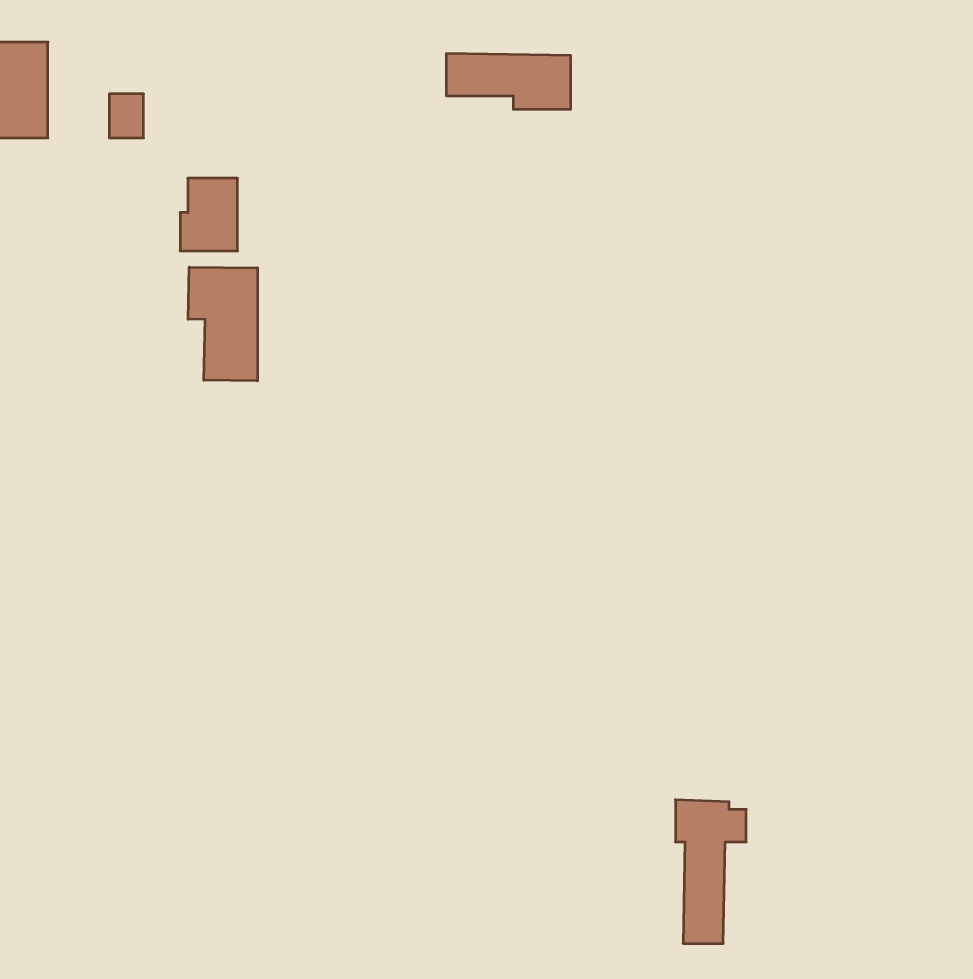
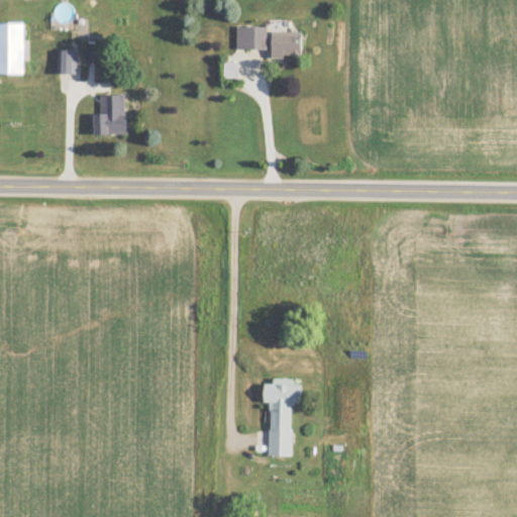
building: [188,267,257,381] -> none
building: [675,800,746,943] -> [265,380,302,455]

